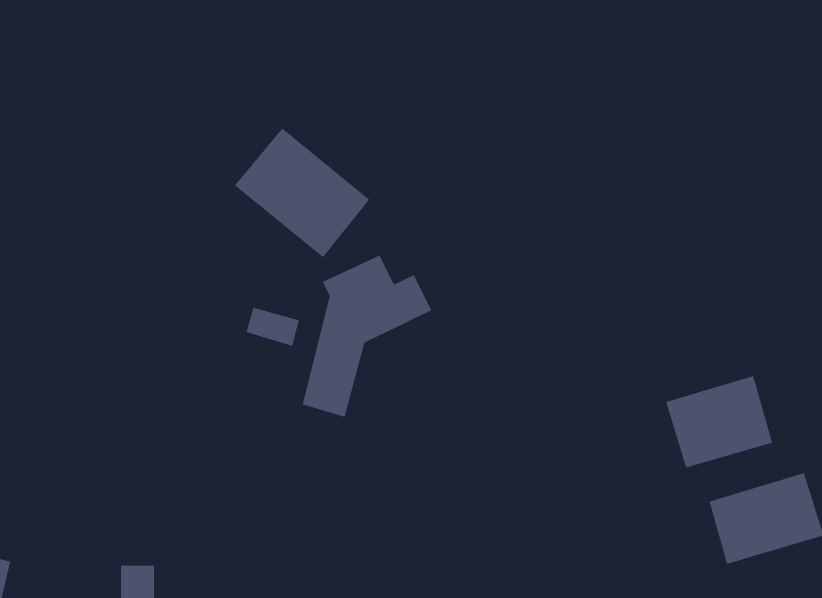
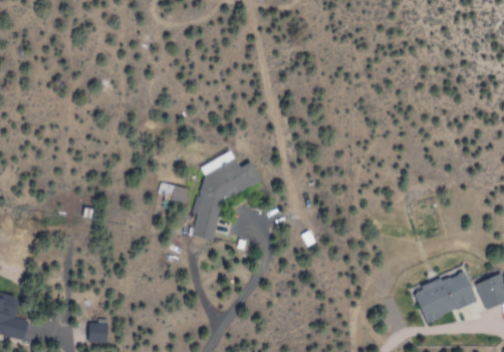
building: [234,128,370,258] -> none
building: [665,375,773,469] -> none

